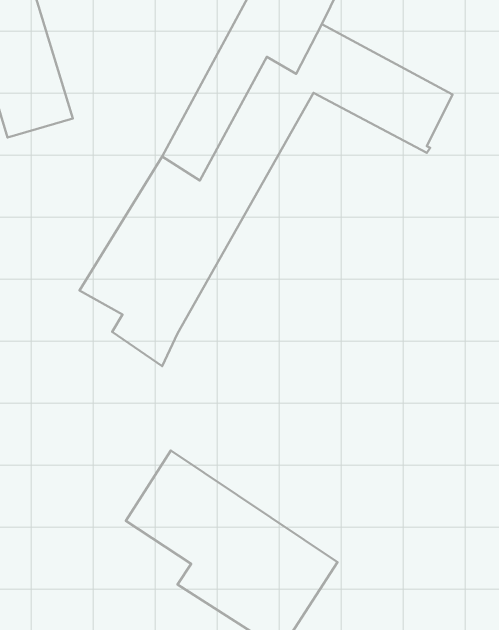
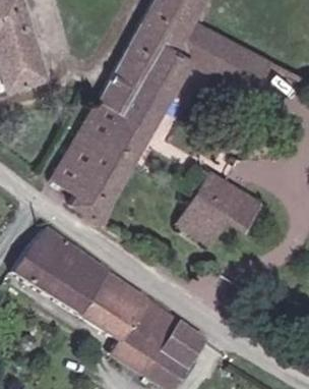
building: none -> [179,170,260,242]
building: none -> [12,224,106,315]

